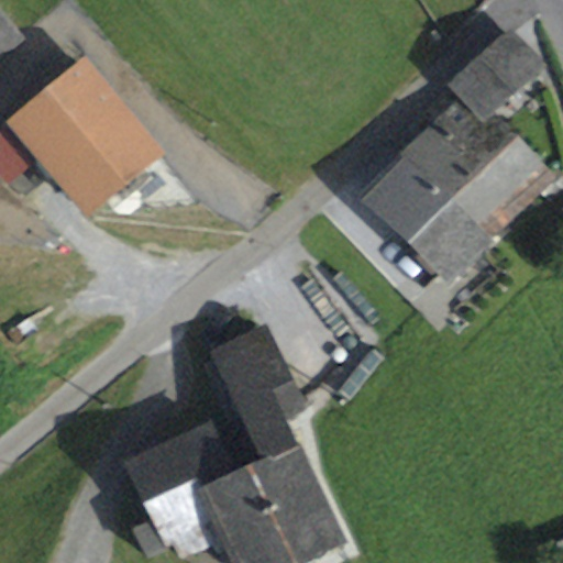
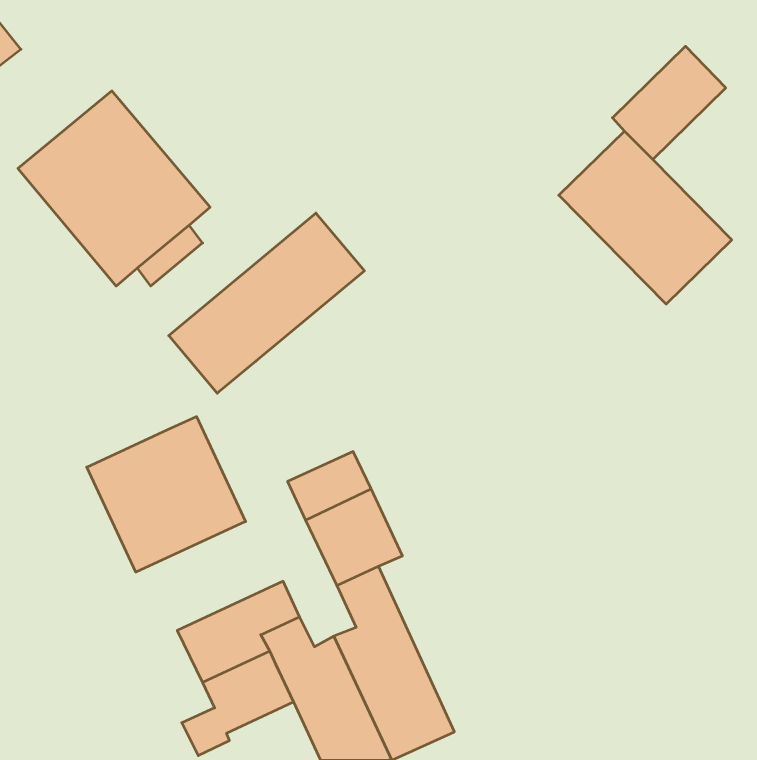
building: [364,144,492,272] -> none
building: none -> [169,213,364,393]
building: none -> [87,417,246,572]

